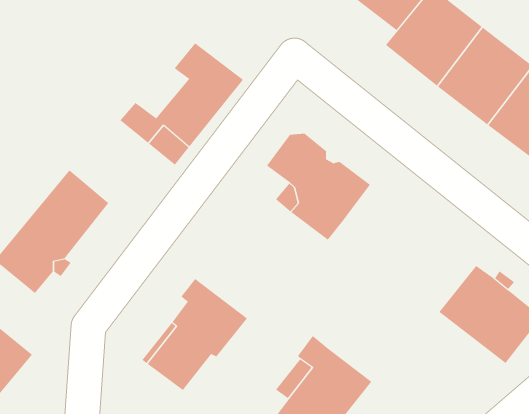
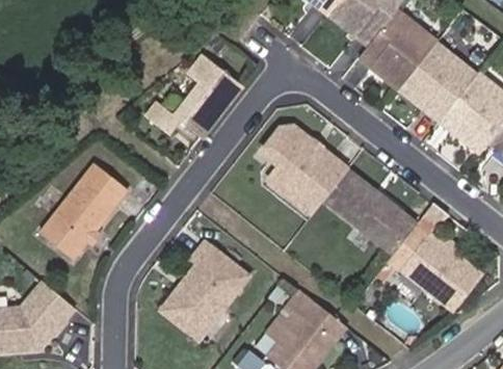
building: none -> [323,168,418,254]

